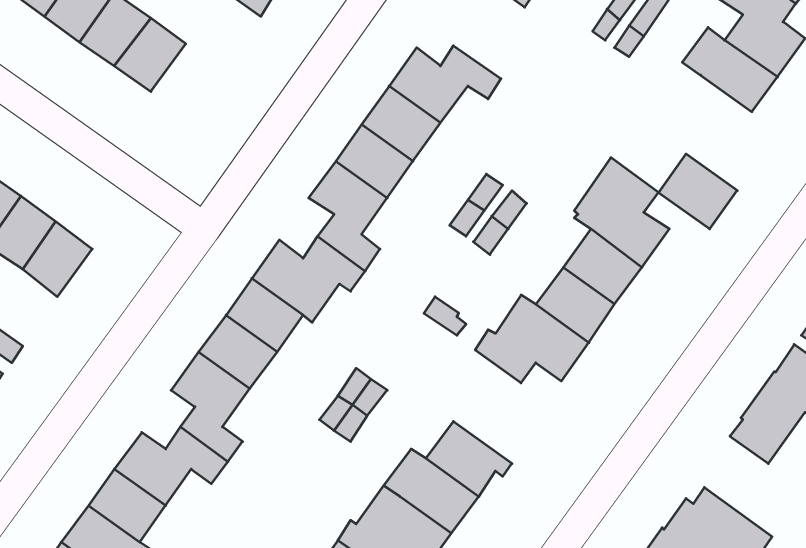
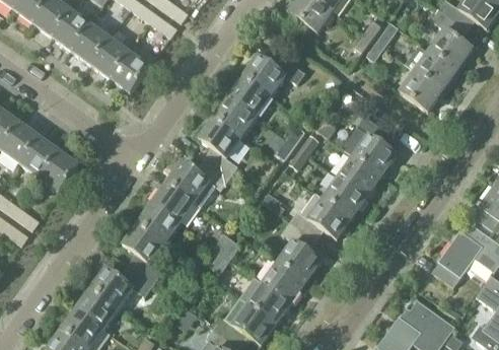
building: none -> [112,53,151,94]
building: [658,154,737,229] -> [401,70,444,112]
building: none -> [279,222,323,285]

